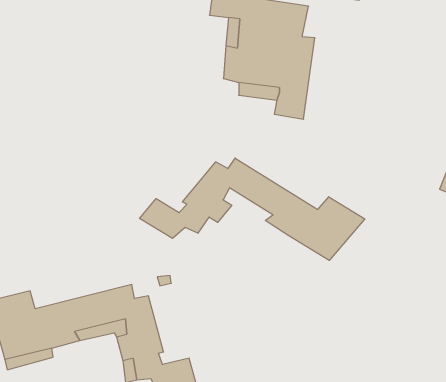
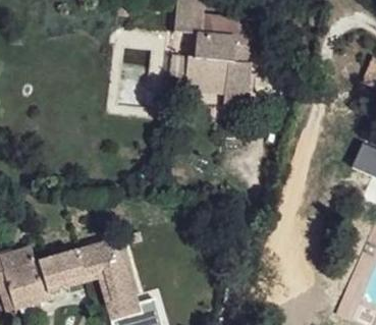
building: [140,158,365,260] -> none

